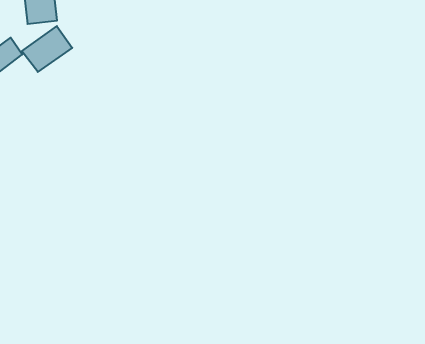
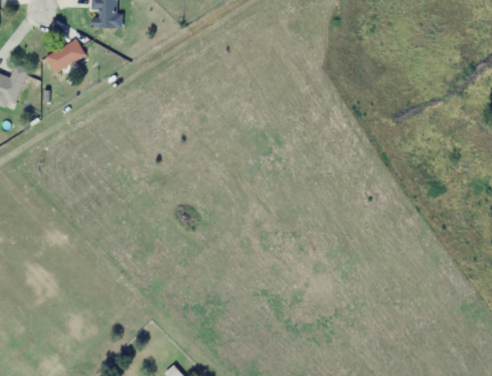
building: [22,26,72,72] -> none

